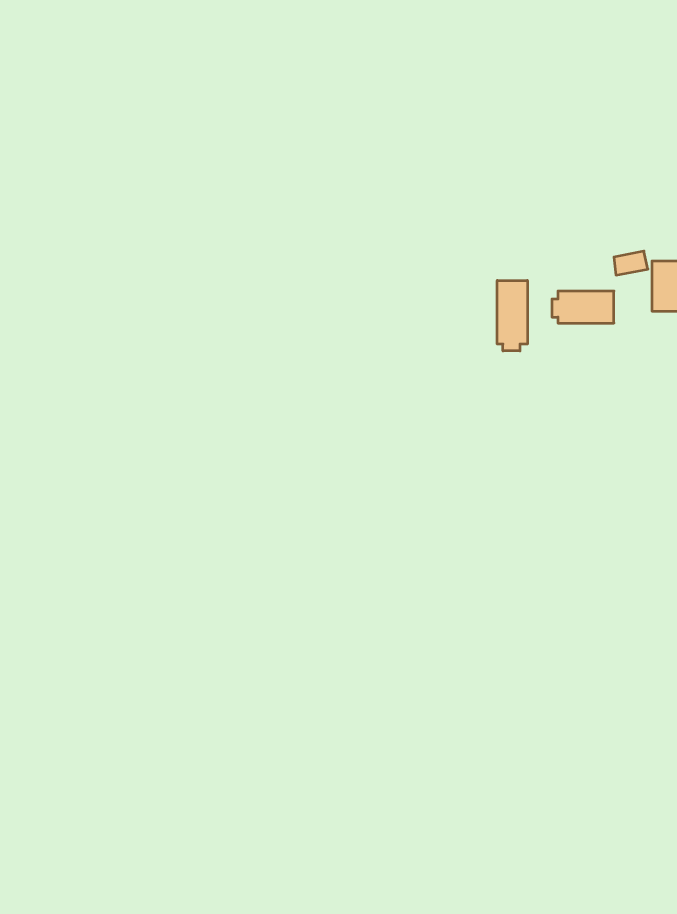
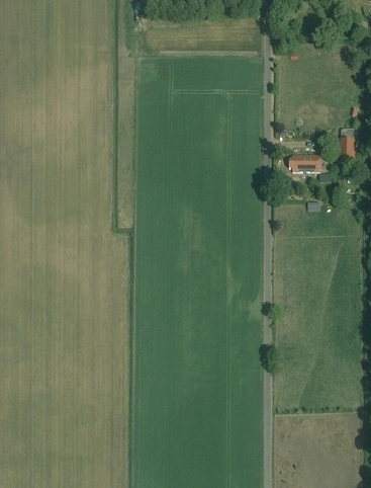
building: [497,280,527,351] -> none

